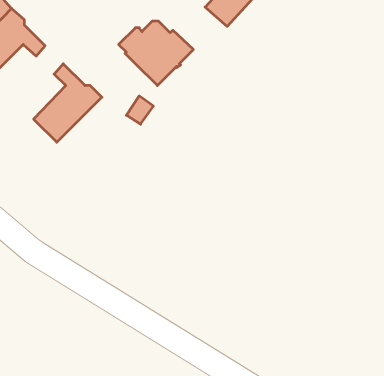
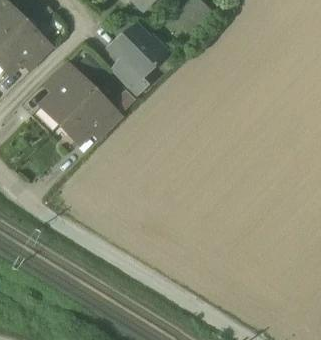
building: none -> [111,61,148,96]
building: none -> [61,88,122,142]

